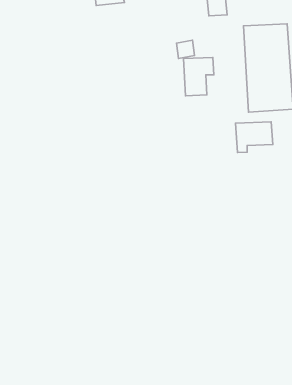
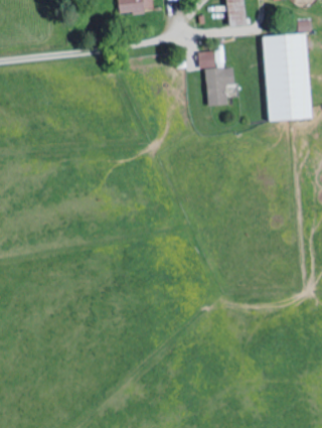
building: [236,122,273,153] -> none

